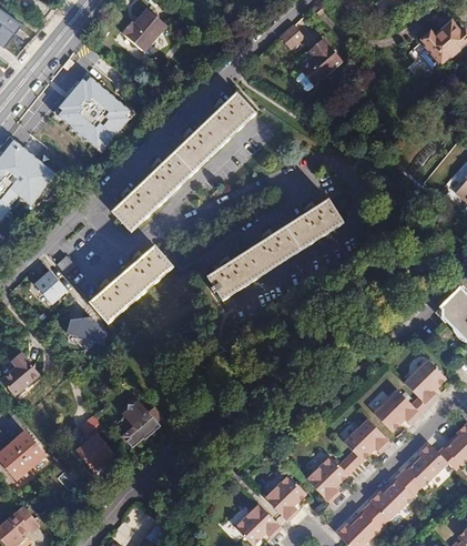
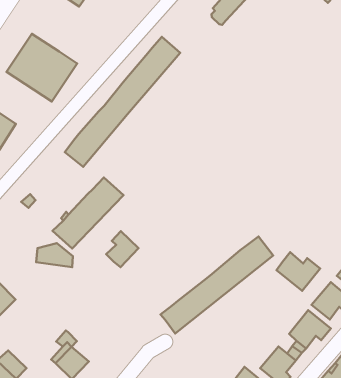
building: [206,200,341,300] -> [161,237,273,334]
building: [34,269,70,305] -> none
building: none -> [106,231,139,267]
building: none -> [277,252,320,291]
building: [121,398,163,446] -> none

